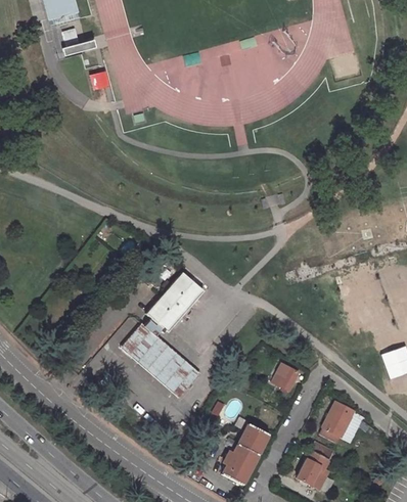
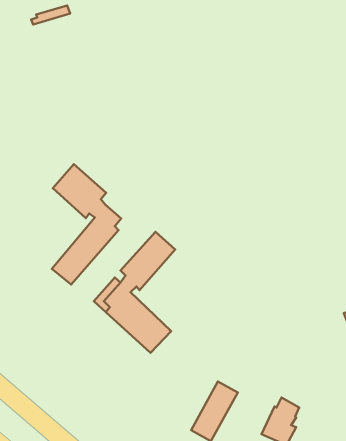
building: none -> [52,164,121,284]
building: [270,363,297,390] -> none
building: [319,402,354,440] -> none

